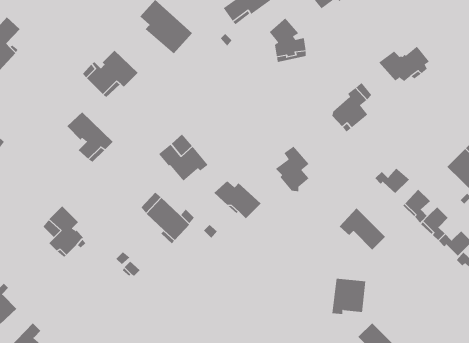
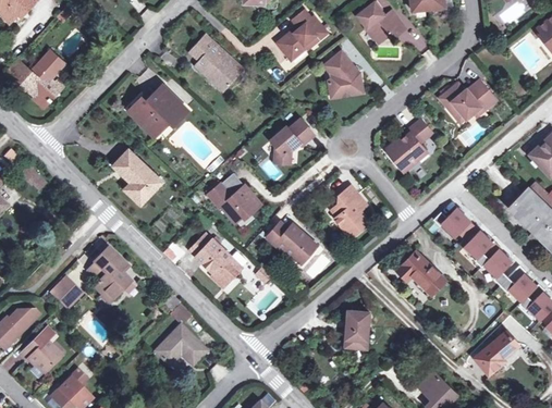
building: none -> [271,119,314,163]
building: none -> [51,277,82,308]
building: [332,278,366,315] -> [334,311,370,349]
building: none -> [155,324,206,364]
building: none -> [474,330,517,373]

